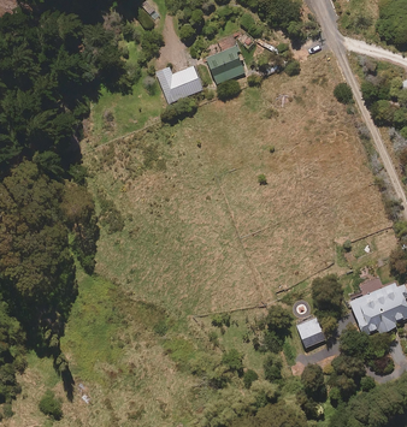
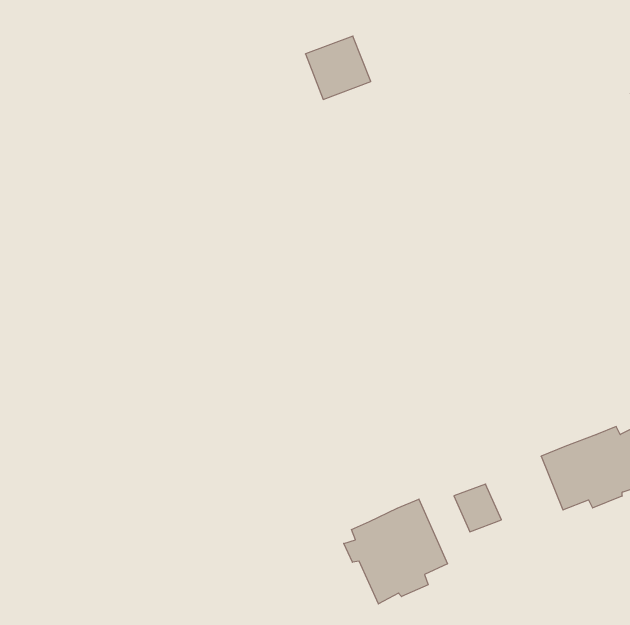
building: [155,65,204,103] -> none
building: none -> [344,499,447,604]

